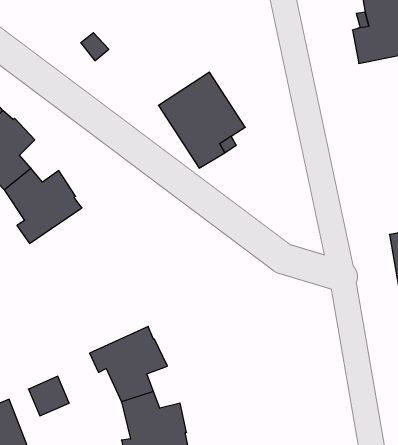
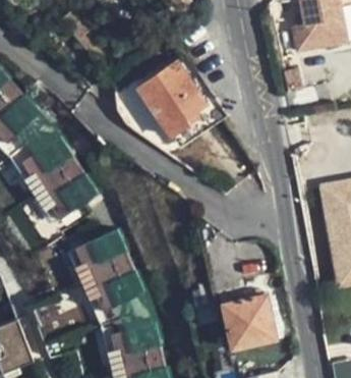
building: none -> [33,167,95,220]
building: none -> [73,230,127,283]
building: none -> [218,294,276,352]

